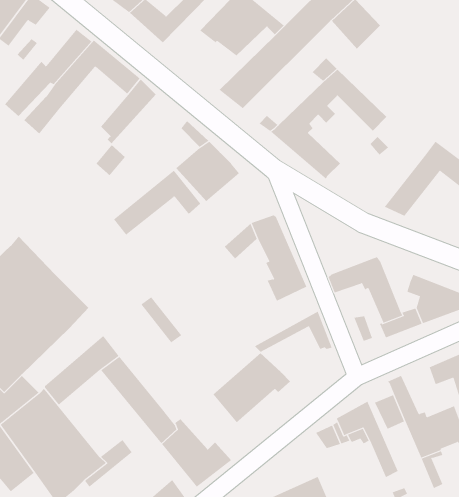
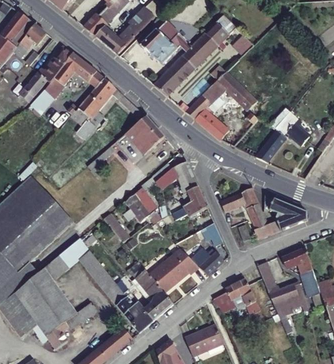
building: none -> [126,189,151,222]
building: none -> [191,248,224,276]
building: none -> [134,269,173,315]

